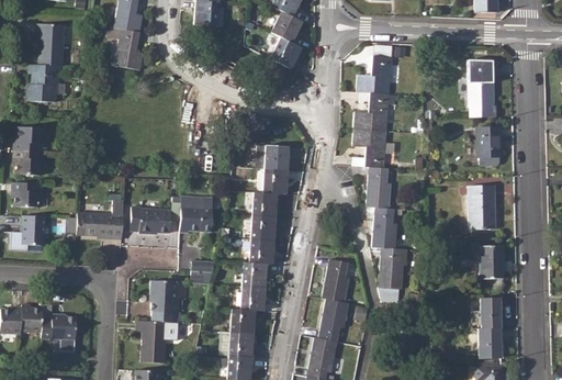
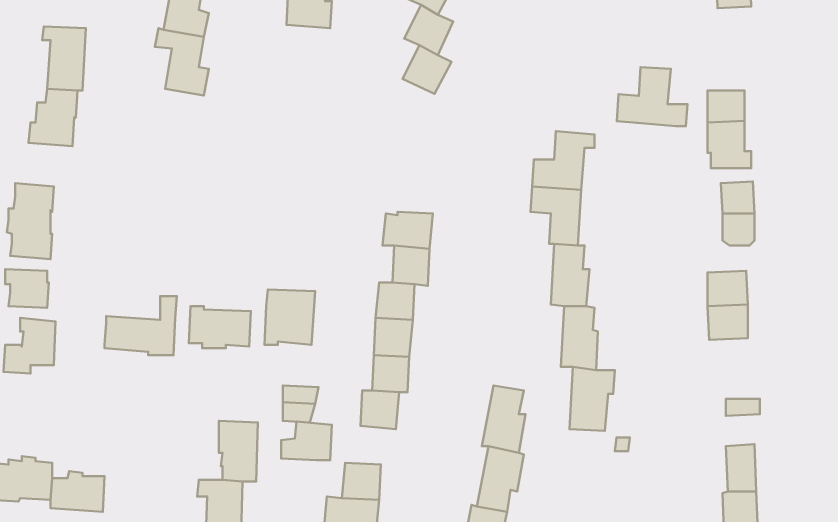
building: [357,56,403,94] -> [617,67,688,126]
building: [480,245,503,267] -> none
building: [233,284,266,310] -> [281,422,332,460]

